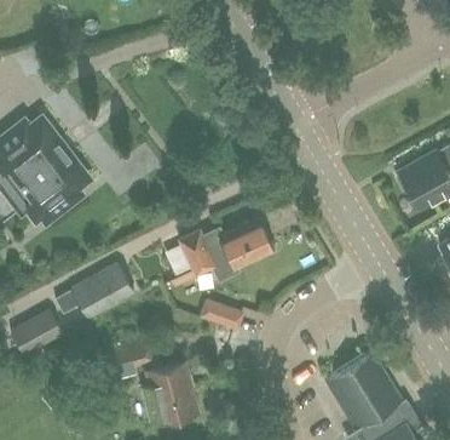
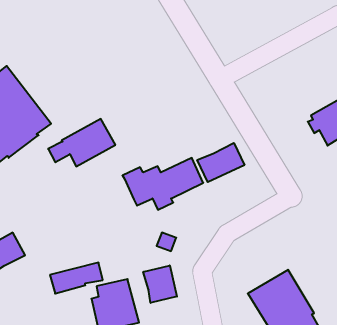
building: none -> [197,143,244,182]
building: [54,263,133,319] -> [48,119,115,166]
building: none -> [143,265,177,303]

